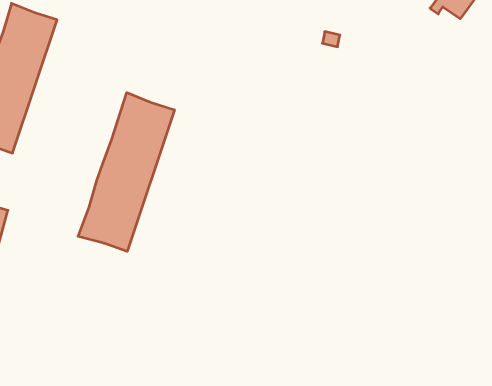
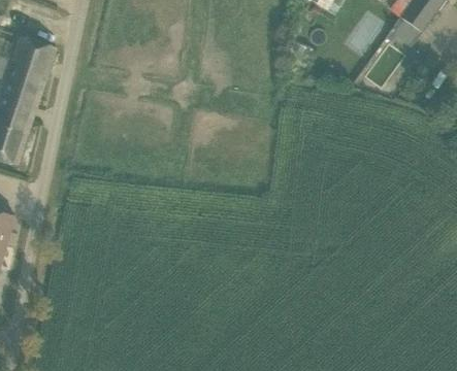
building: [78,93,174,251] -> none

